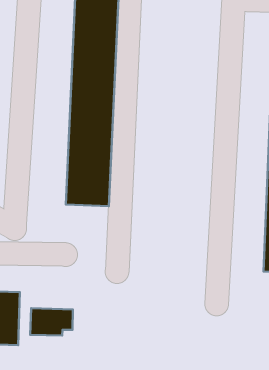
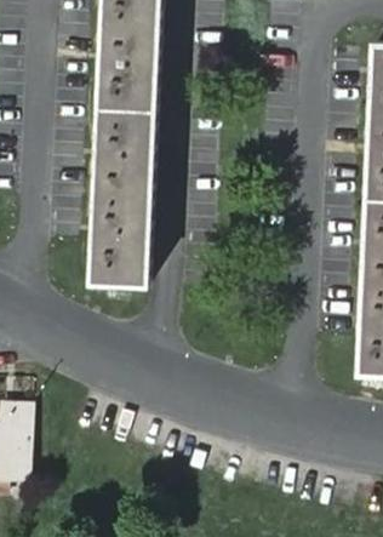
building: [30,308,73,335] -> none

